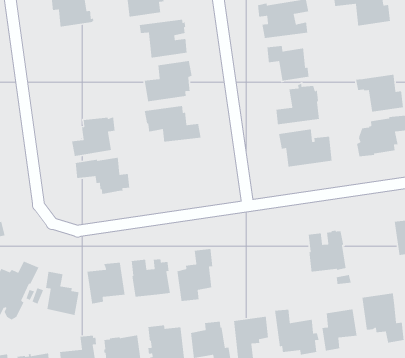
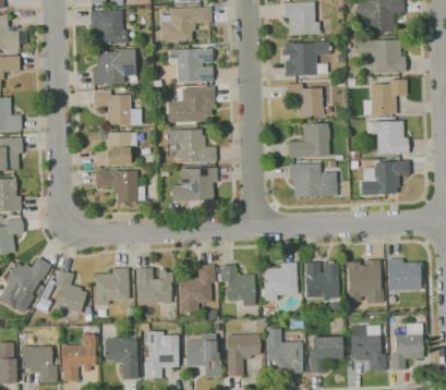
building: none -> [364,78,408,114]
building: none -> [93,49,136,84]
building: none -> [93,90,141,125]
building: none -> [172,168,218,203]
building: none -> [348,259,386,303]
building: none -> [261,263,298,301]
building: none -> [221,265,255,306]

